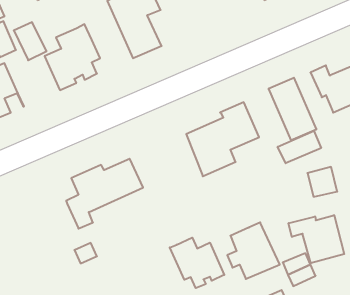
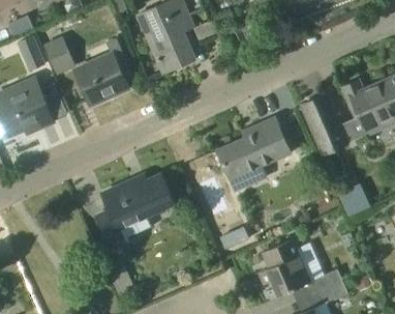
building: [278,131,321,163] -> none
building: [289,215,344,263] -> none
building: [170,238,224,288] -> none

